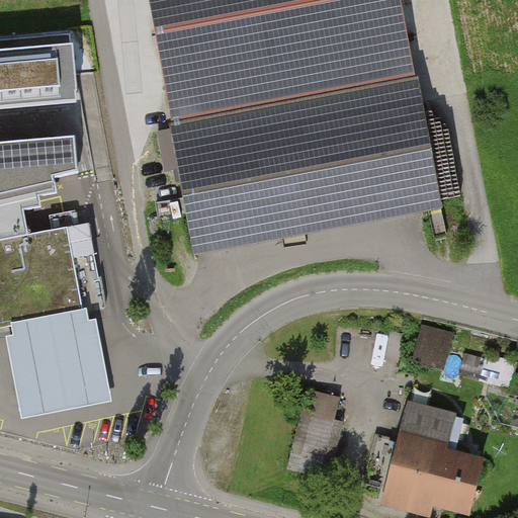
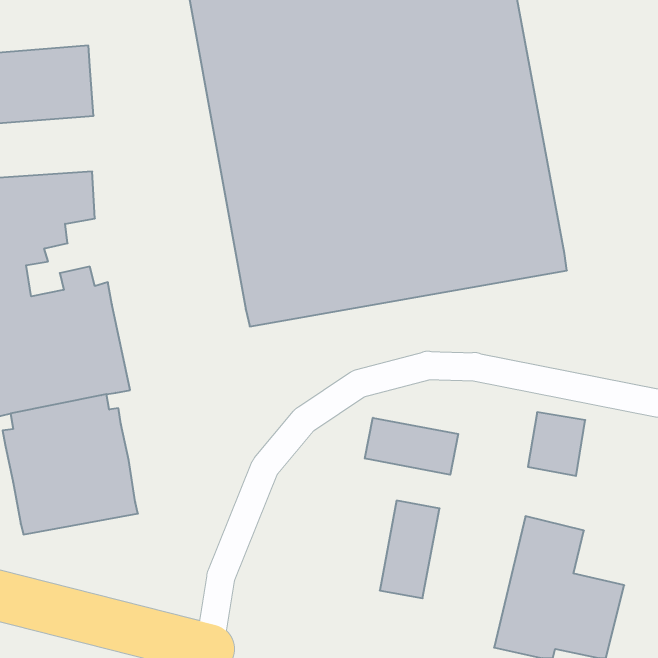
building: none -> [365,418,458,475]

